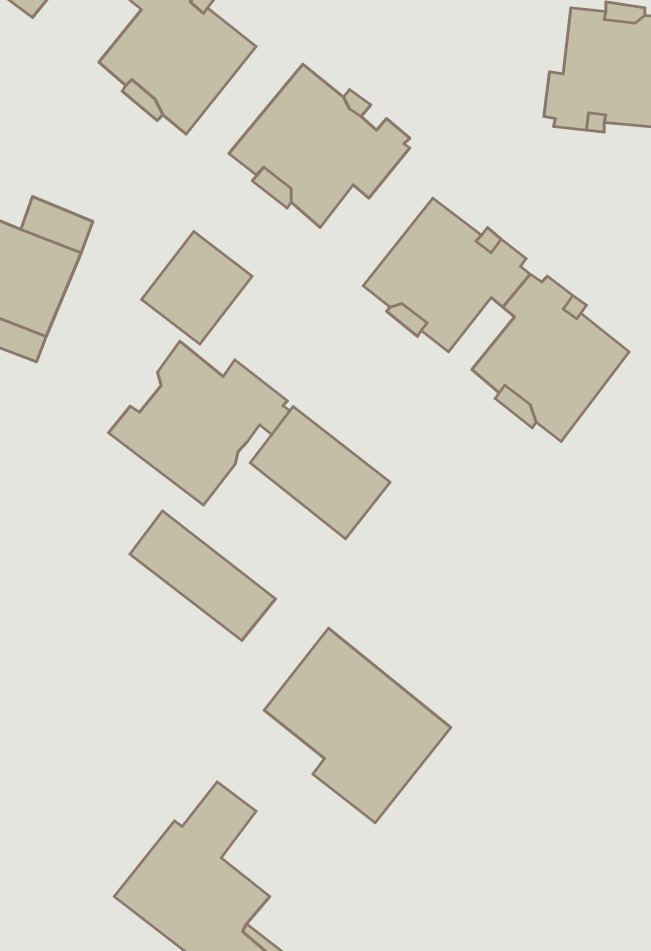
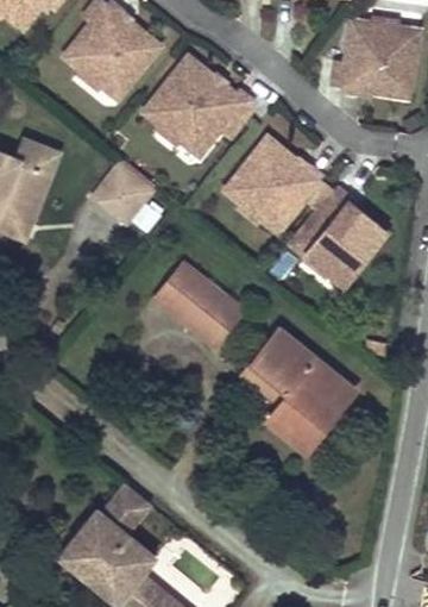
building: [109,341,290,505] -> none
building: [130,511,276,640] -> none
building: [264,628,451,823] -> [239,331,353,450]

